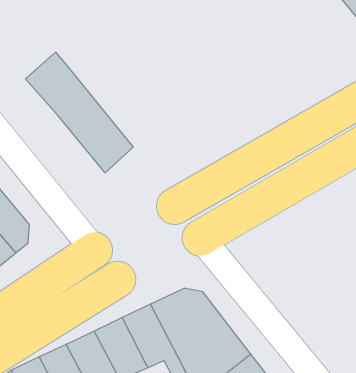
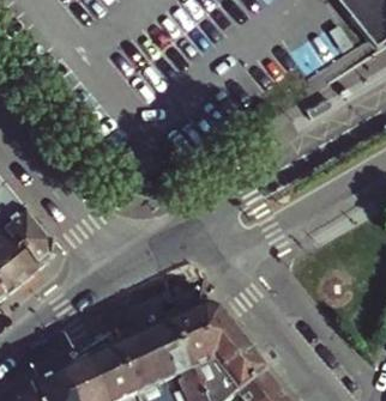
building: [26,52,133,173] -> none

